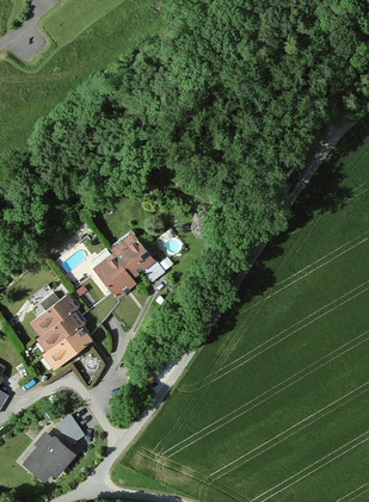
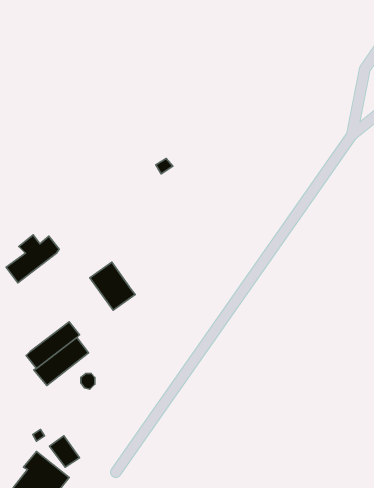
building: [110,235,153,280] -> none
building: [27,293,76,337] -> [6,235,59,283]

